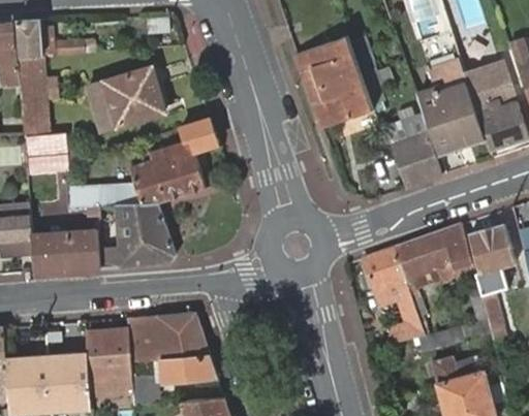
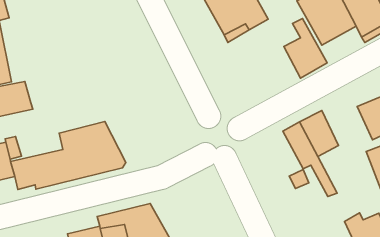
building: [89,67,166,128] -> none
building: [68,121,215,209] -> none
building: [425,221,472,280] -> none

